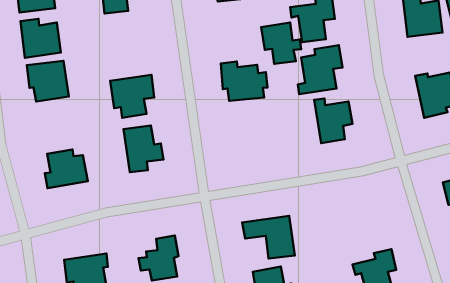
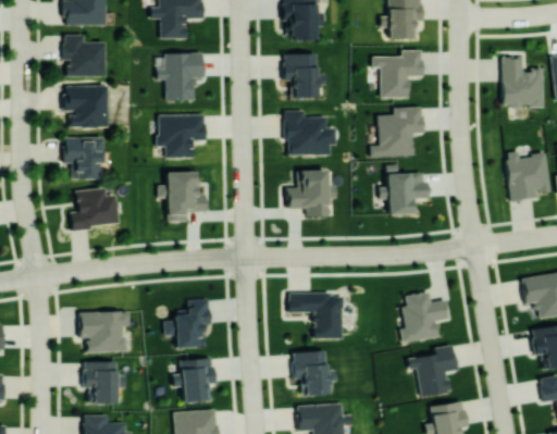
building: none -> [157,53,205,101]
building: [261,23,301,64] -> [284,53,326,98]
building: none -> [64,137,104,179]
building: none -> [287,170,337,218]
building: none -> [400,292,450,343]

